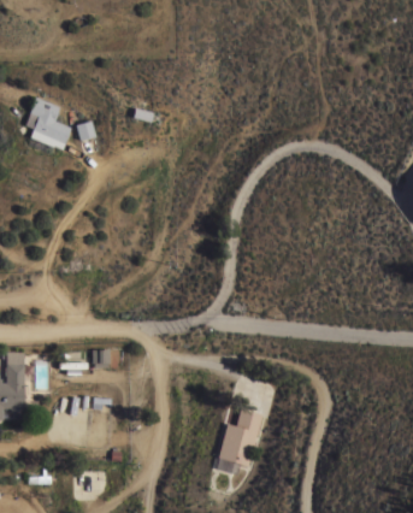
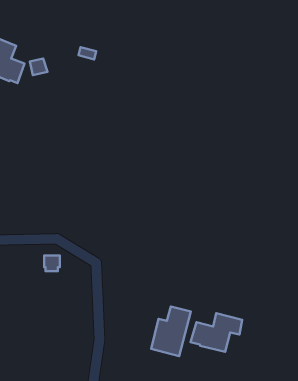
building: none -> [191,313,242,352]

